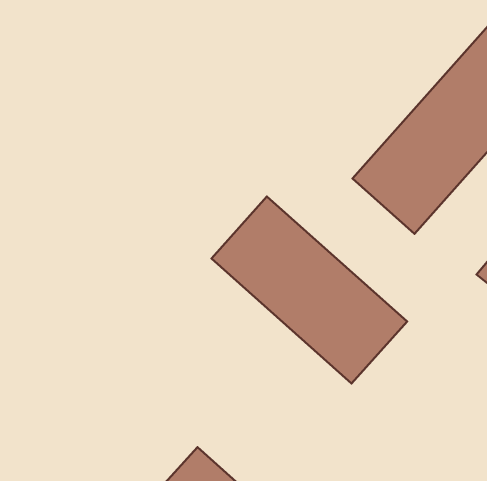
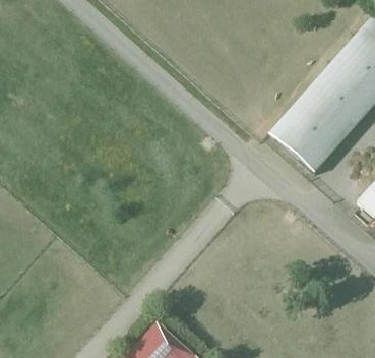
building: [211,196,407,384] -> none

